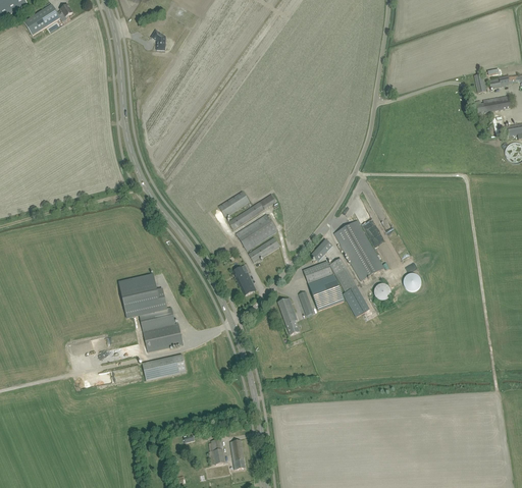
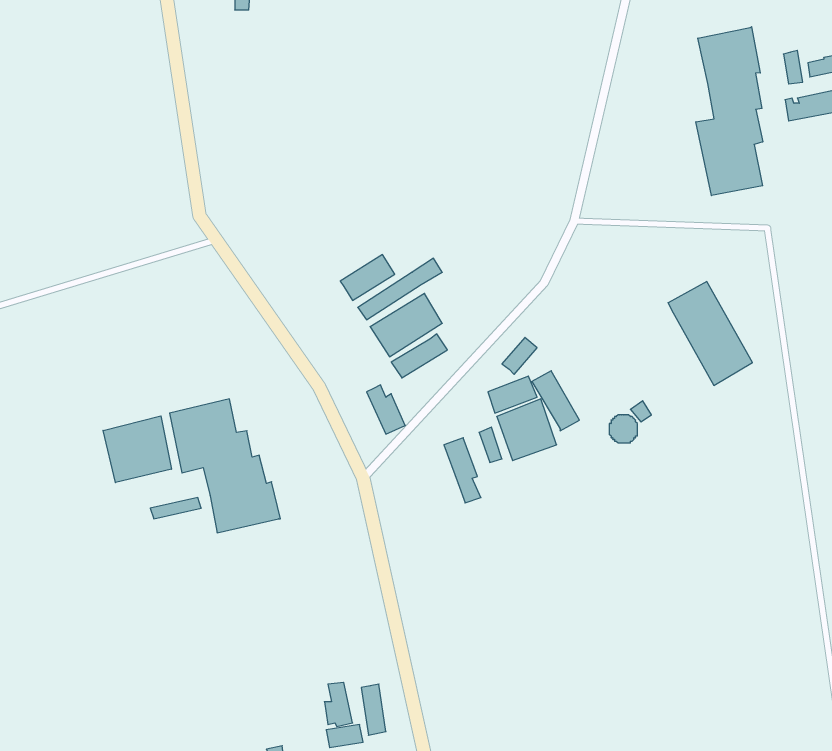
building: none -> [696,27,763,196]
building: [333,220,382,280] -> [668,282,752,385]
building: none -> [103,416,171,483]
building: [343,286,368,316] -> none
building: [142,354,186,380] -> none

